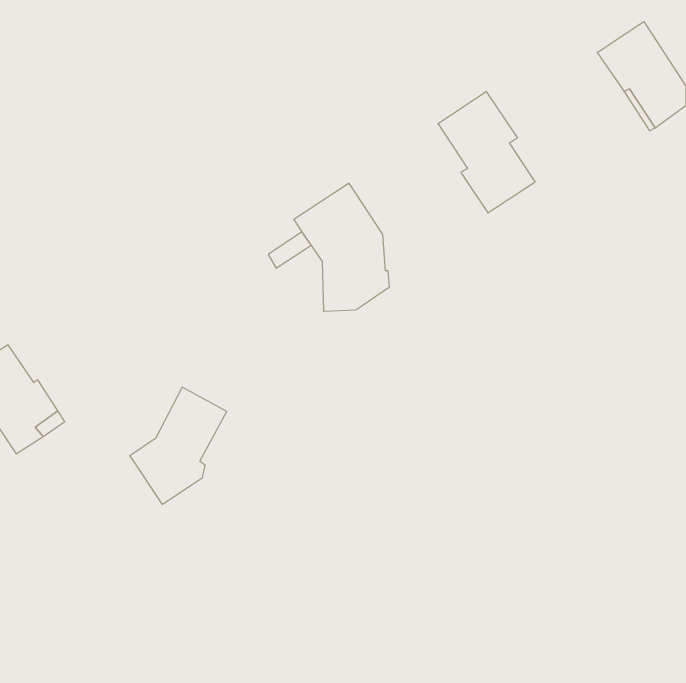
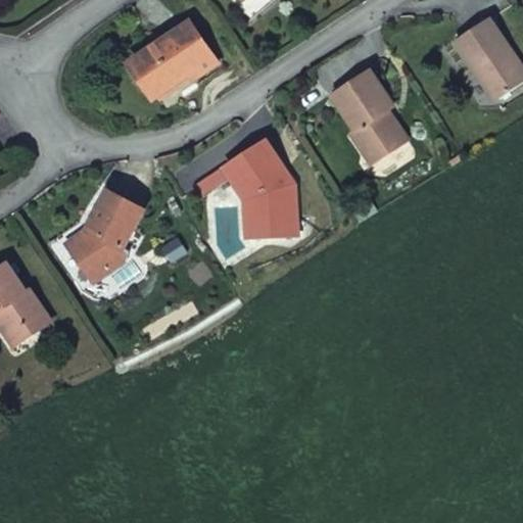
building: none -> [132,21,218,97]
building: [130,387,227,504] -> [67,190,141,279]

